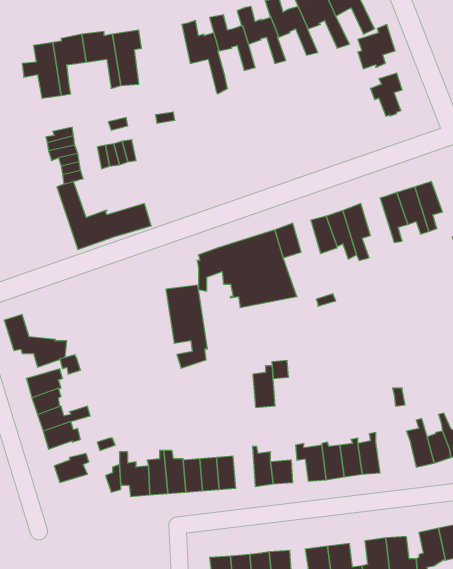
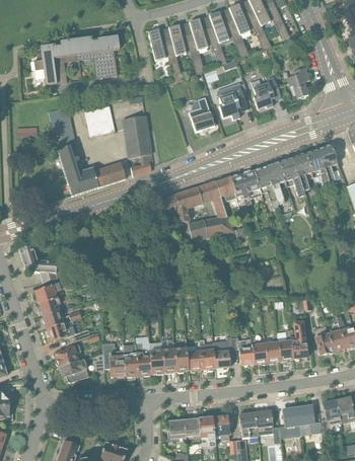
building: [358,24,395,69] -> [253,76,280,108]
building: none -> [218,84,246,119]
building: none -> [189,96,214,132]
building: none -> [279,158,305,198]
building: none -> [229,174,252,205]
building: [166,285,207,368] -> [122,116,152,176]
building: [253,366,275,407] -> [186,339,202,370]
building: none -> [290,320,307,359]
building: none -> [59,359,88,382]

